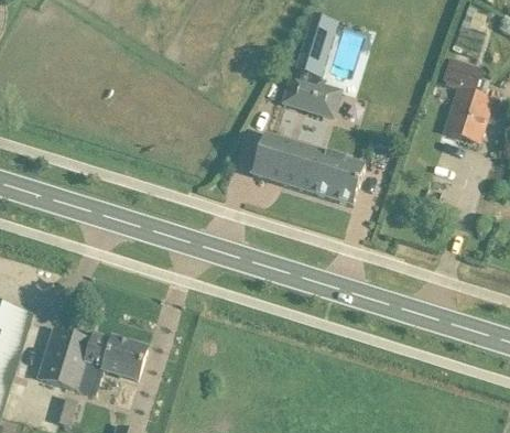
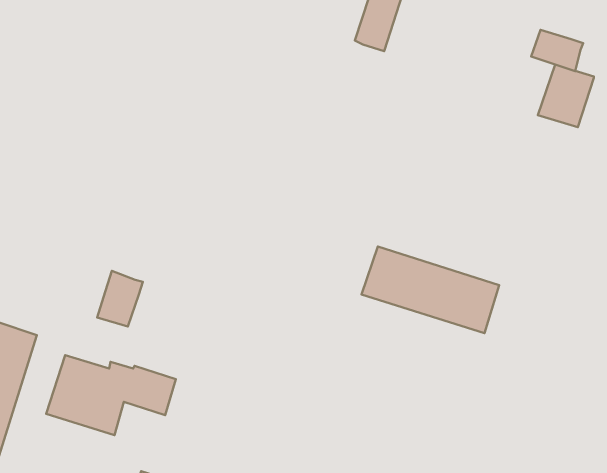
building: [282,77,334,116] -> none
building: [251,132,365,204] -> [362,246,499,333]
building: none -> [97,271,143,327]

